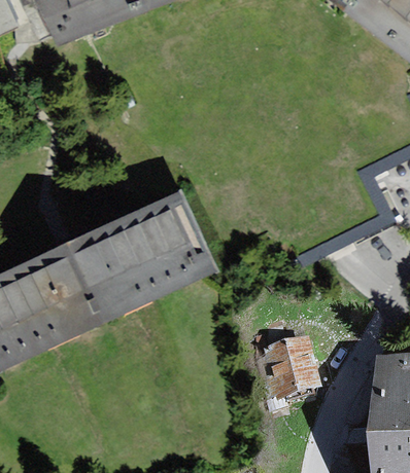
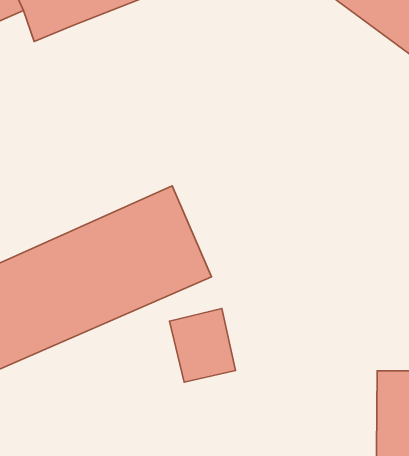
building: [252,336,316,407] -> [169,308,236,382]

